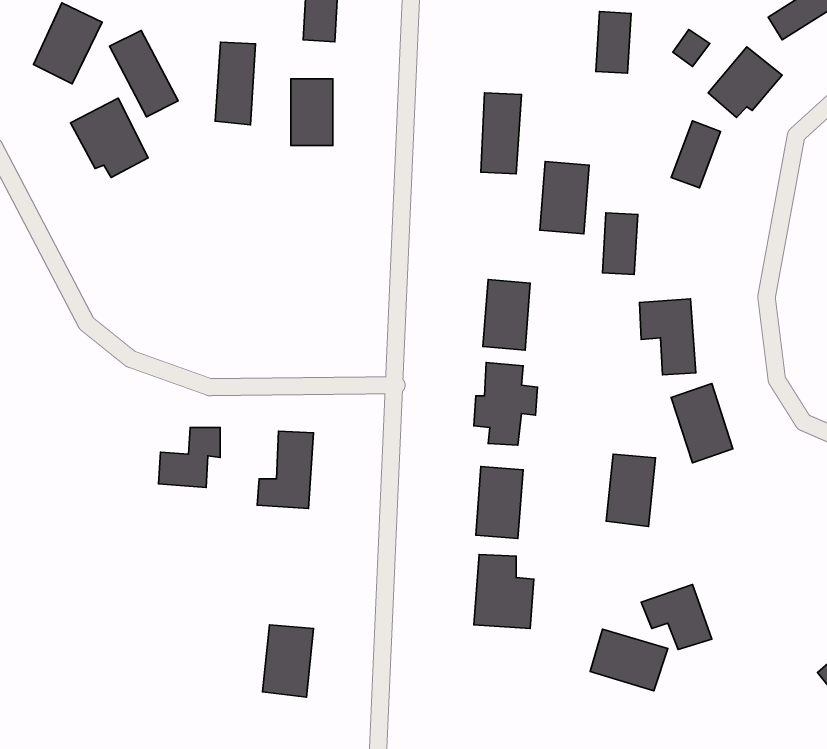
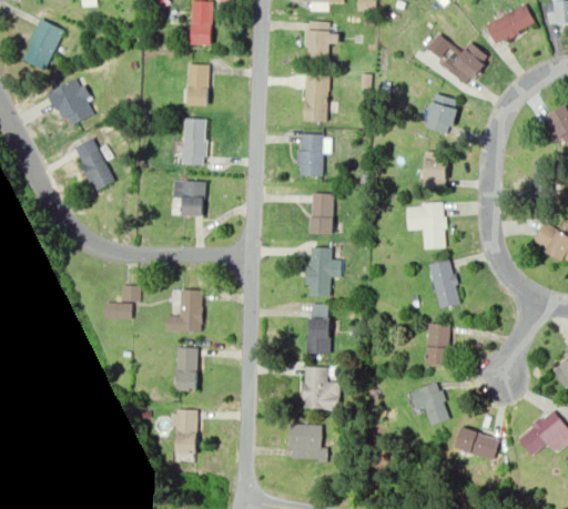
building: [596,12,631,73] -> [310,23,332,62]
building: [110,30,178,117] -> [74,135,118,190]
building: [215,42,256,125] -> [182,114,207,166]
building: [540,162,589,234] -> [292,130,323,175]
building: [602,213,638,275] -> [420,149,443,187]
building: none -> [175,174,206,220]
building: [606,454,655,527] -> [417,319,448,365]
building: none -> [170,347,202,393]
building: [590,629,668,691] -> [454,423,503,461]
building: none -> [286,423,321,460]

